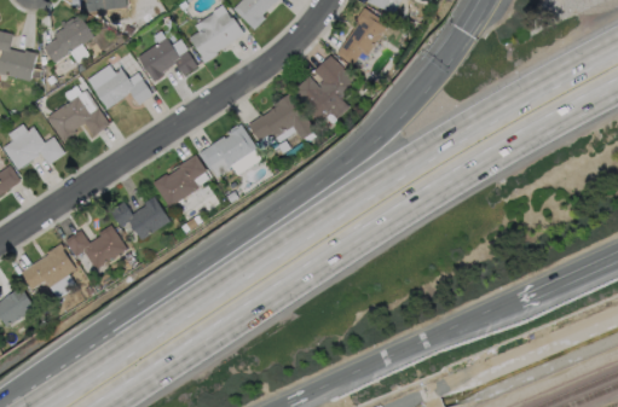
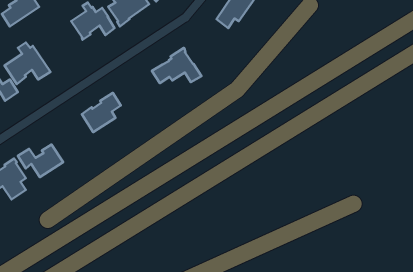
building: [293,54,359,120] -> none
building: [87,65,152,110] -> none
building: [198,124,258,176] -> none
building: [109,197,169,240] -> none

